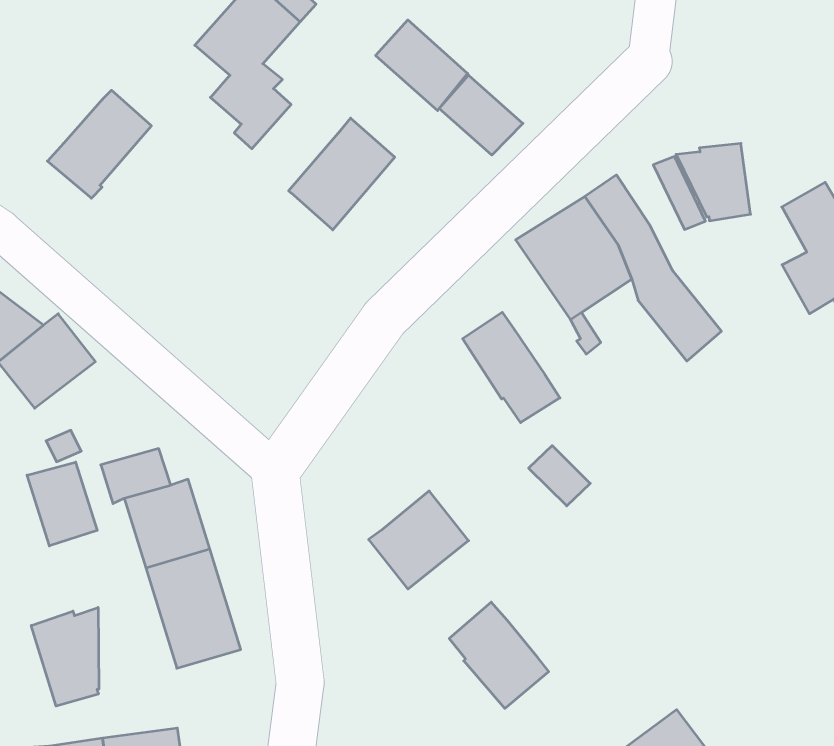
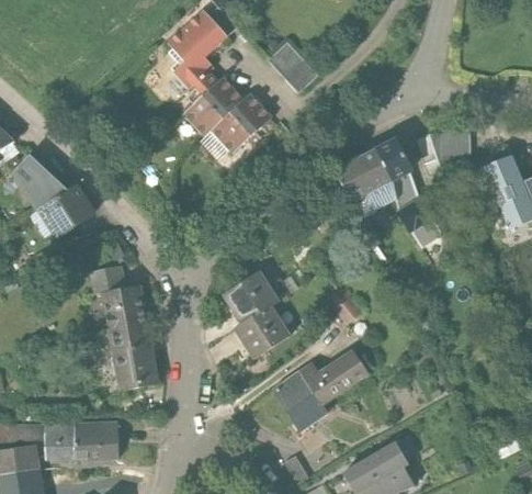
building: [439,75,523,155] -> none
building: [47,90,151,198] -> [184,80,244,138]
building: [463,312,560,423] -> none
building: none -> [224,271,279,324]
building: [27,462,97,546] -> none
building: none -> [306,351,366,403]
building: [31,607,99,706] -> none

